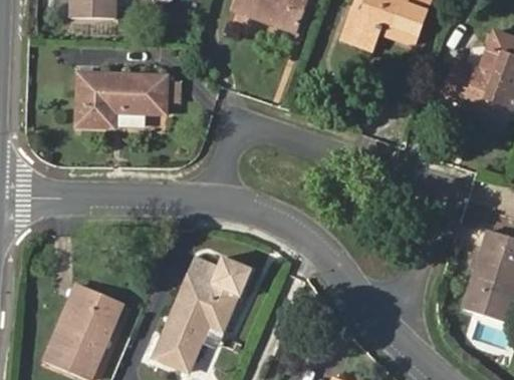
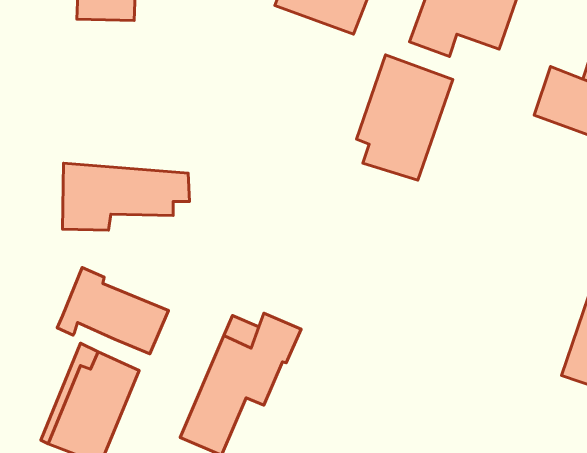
building: none -> [356,55,453,180]
building: [75,71,178,125] -> [62,163,189,230]
building: none -> [57,267,168,354]

